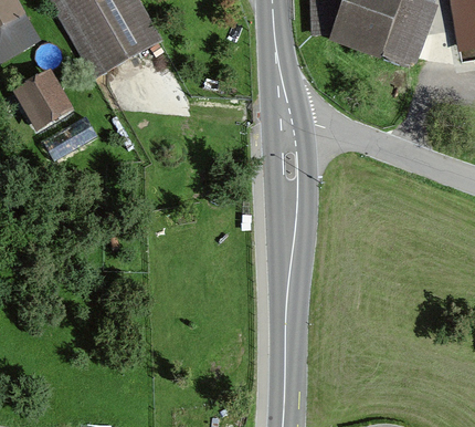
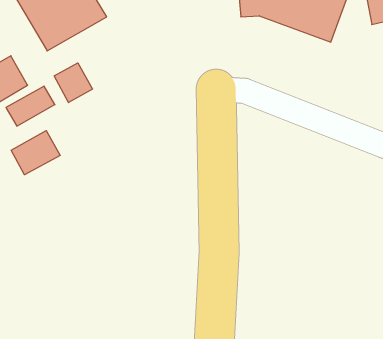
building: none -> [54,63,93,103]
building: none -> [11,131,60,175]

